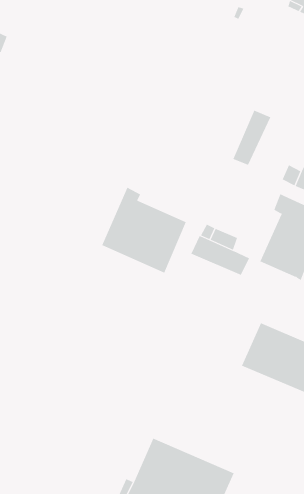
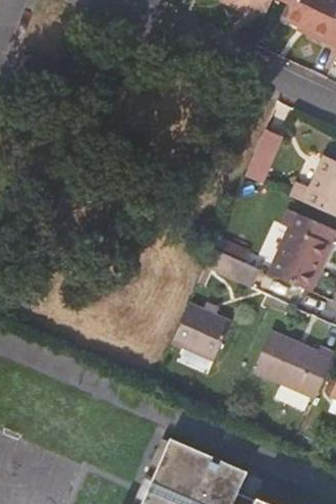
building: [101,187,186,273] -> none
building: none -> [172,302,231,359]

